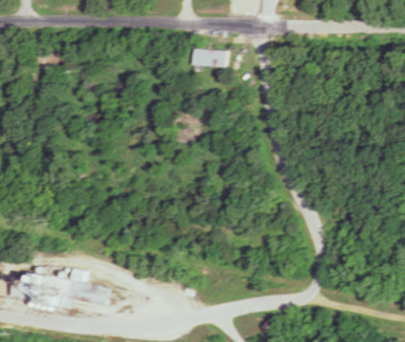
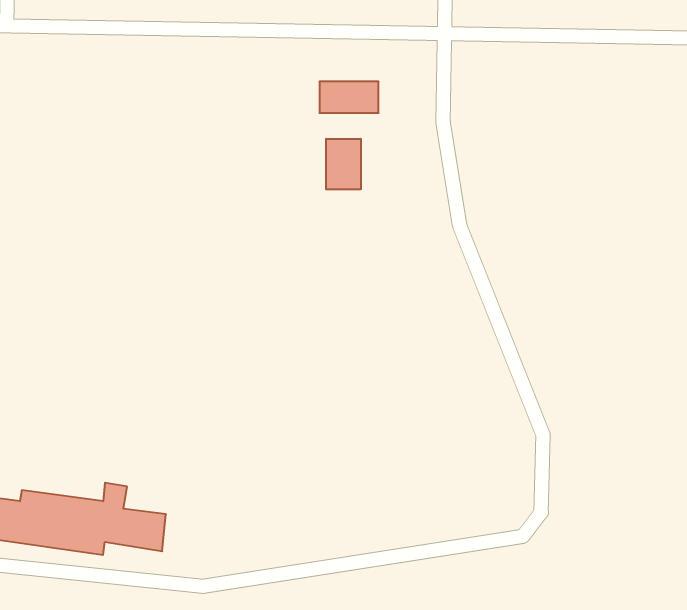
building: none -> [326,139,361,189]

